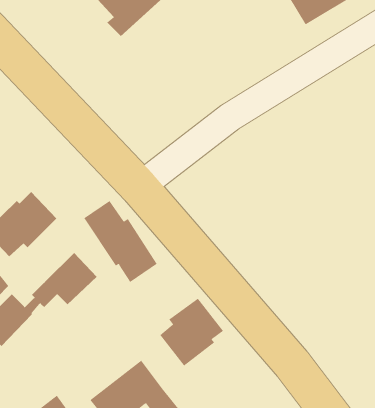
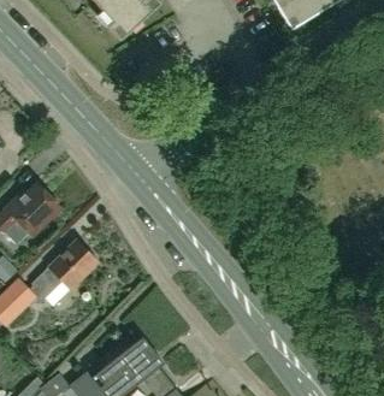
building: [83,200,158,283] -> none
building: [159,298,224,367] -> none

